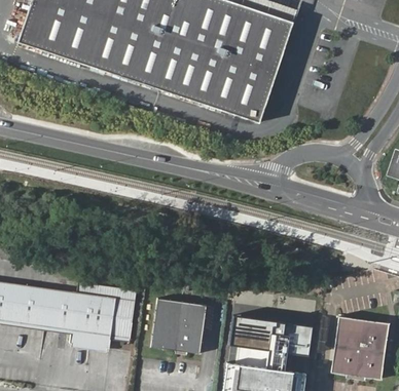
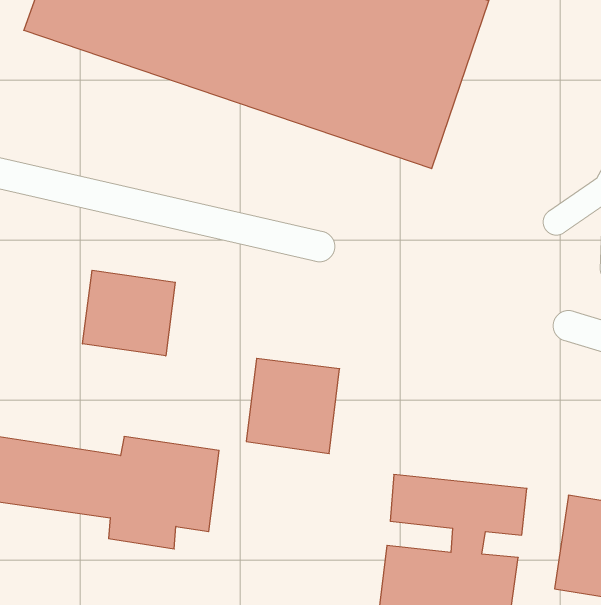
building: none -> [83,270,175,356]
building: [149,298,205,354] -> [246,358,340,454]

